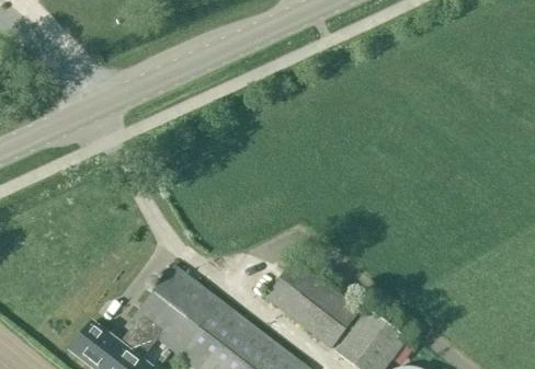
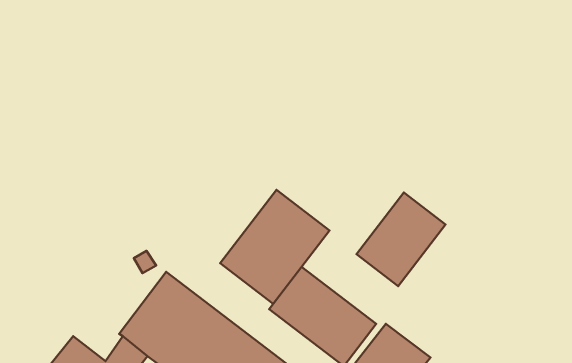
building: none -> [220,190,329,304]
building: none -> [356,192,446,286]

